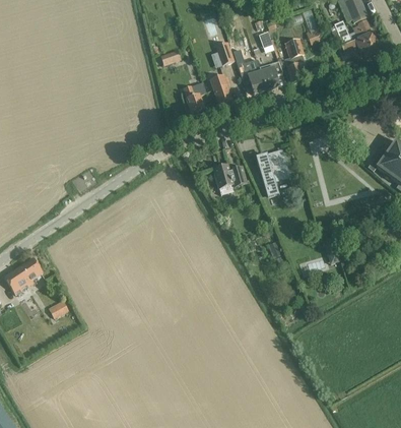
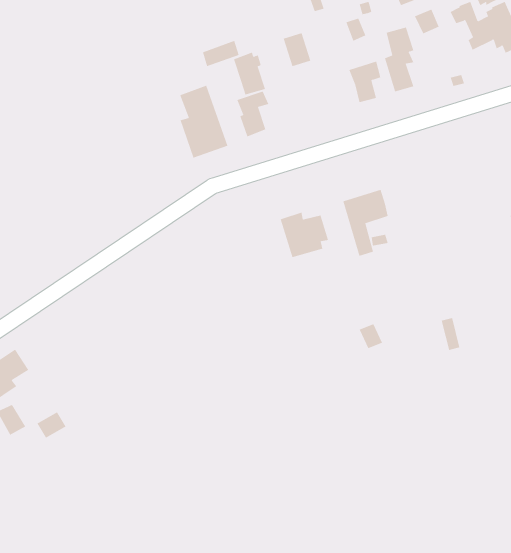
building: [241,67,267,94] -> none
building: [210,74,232,104] -> [233,52,266,95]
building: none -> [180,85,228,158]

